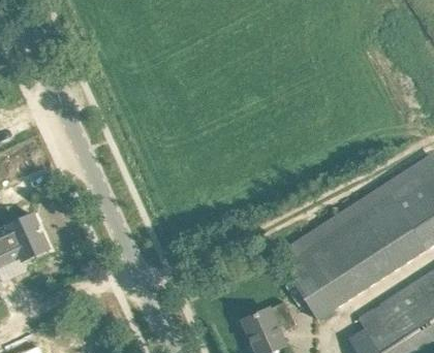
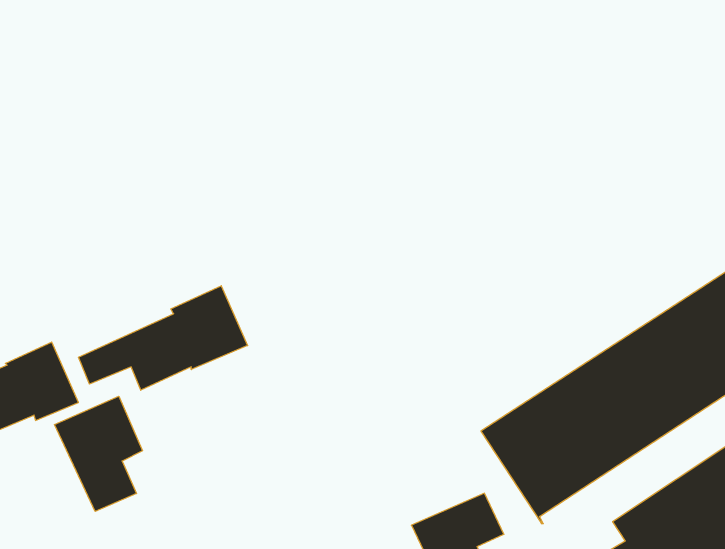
building: none -> [78,286,248,390]
building: none -> [54,396,142,511]

